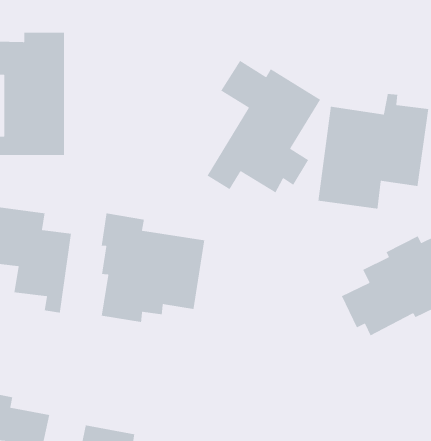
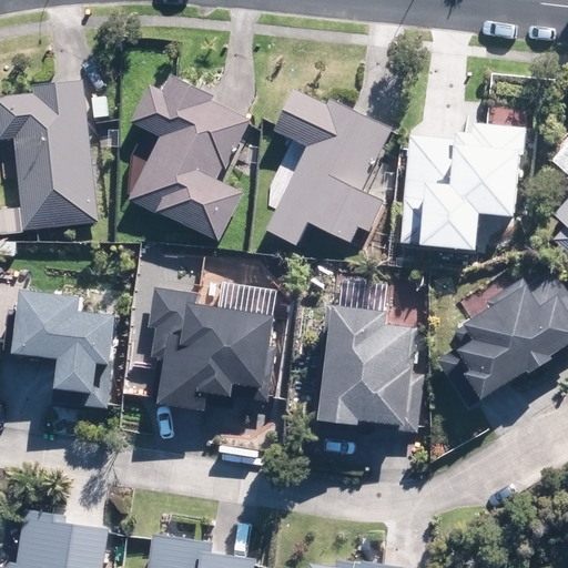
building: none -> [128,75,250,245]
building: none -> [316,305,423,430]

